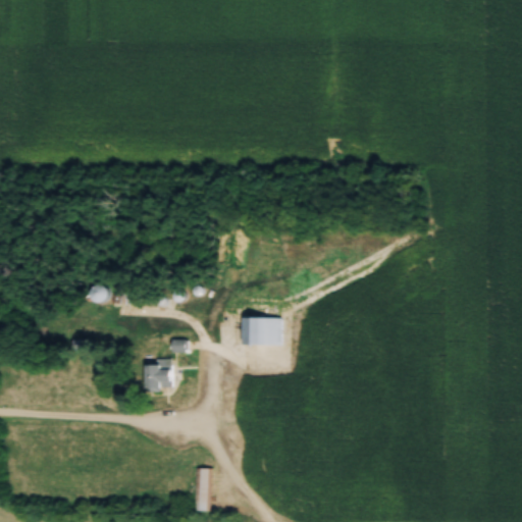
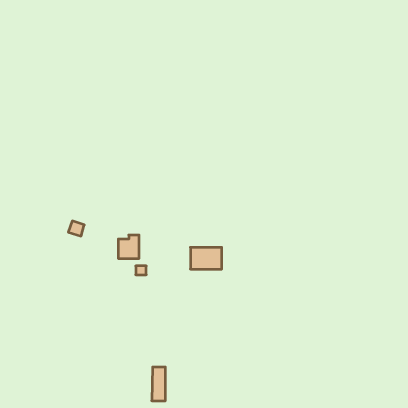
building: [145,360,171,389] -> [118,235,139,258]

